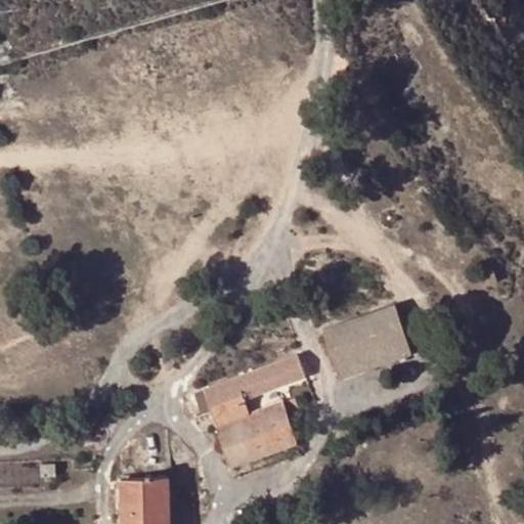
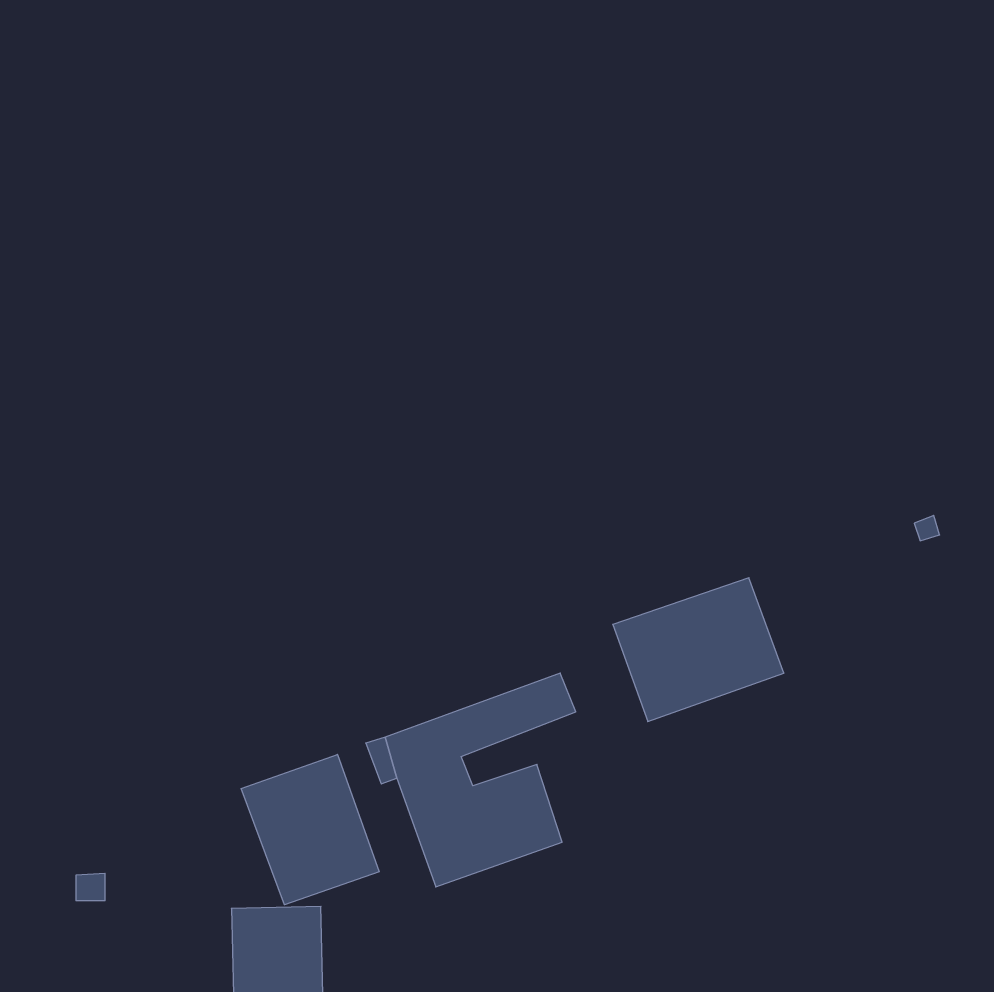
building: none -> [241,754,379,905]

